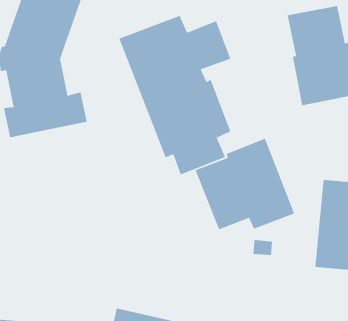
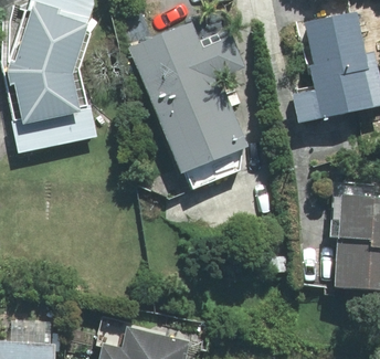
building: [195,138,295,230] -> none

